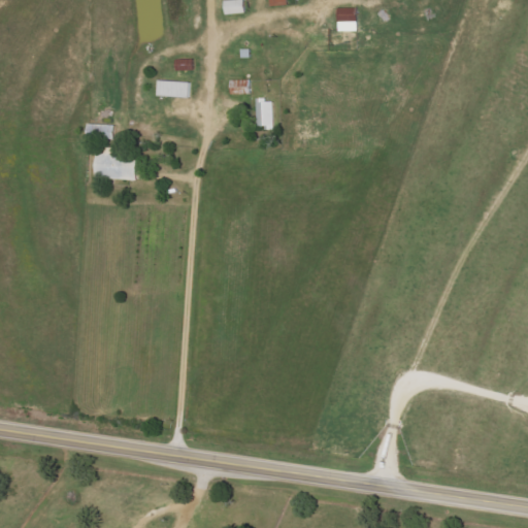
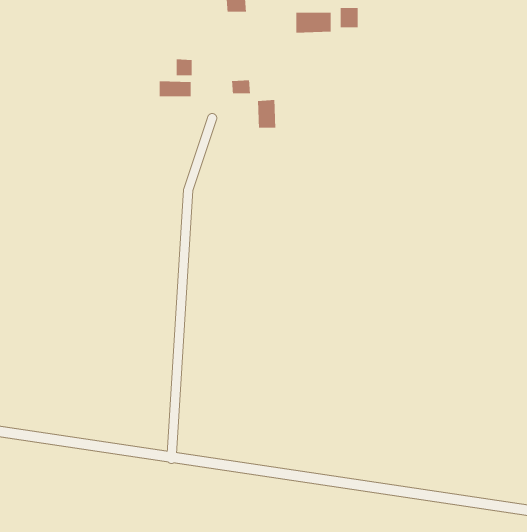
building: none -> [296,12,331,33]
building: [95,155,136,178] -> none

